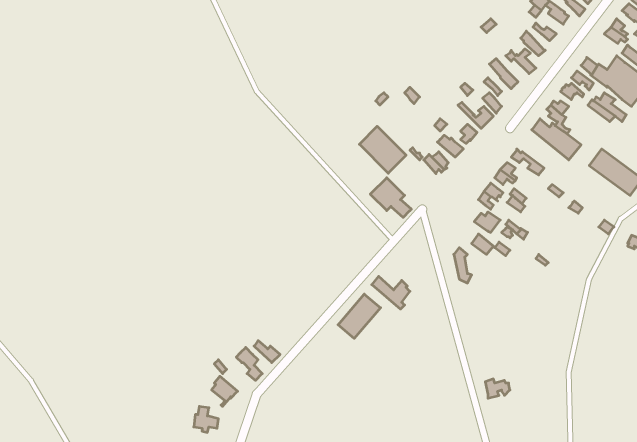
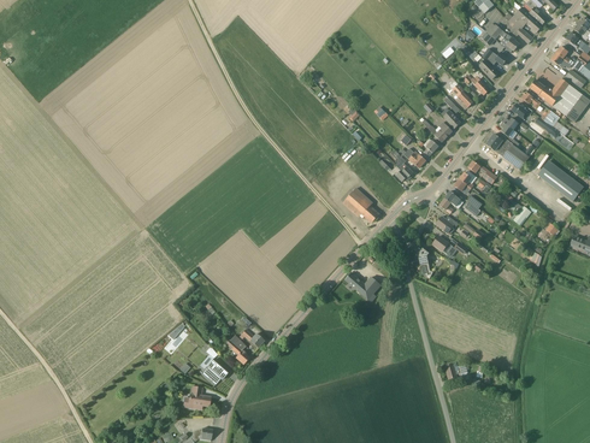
building: [359,126,406,173] -> none
building: [338,294,381,338] -> none

